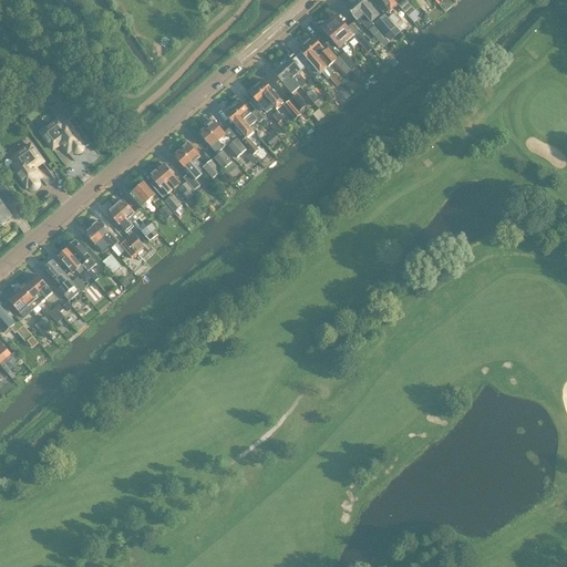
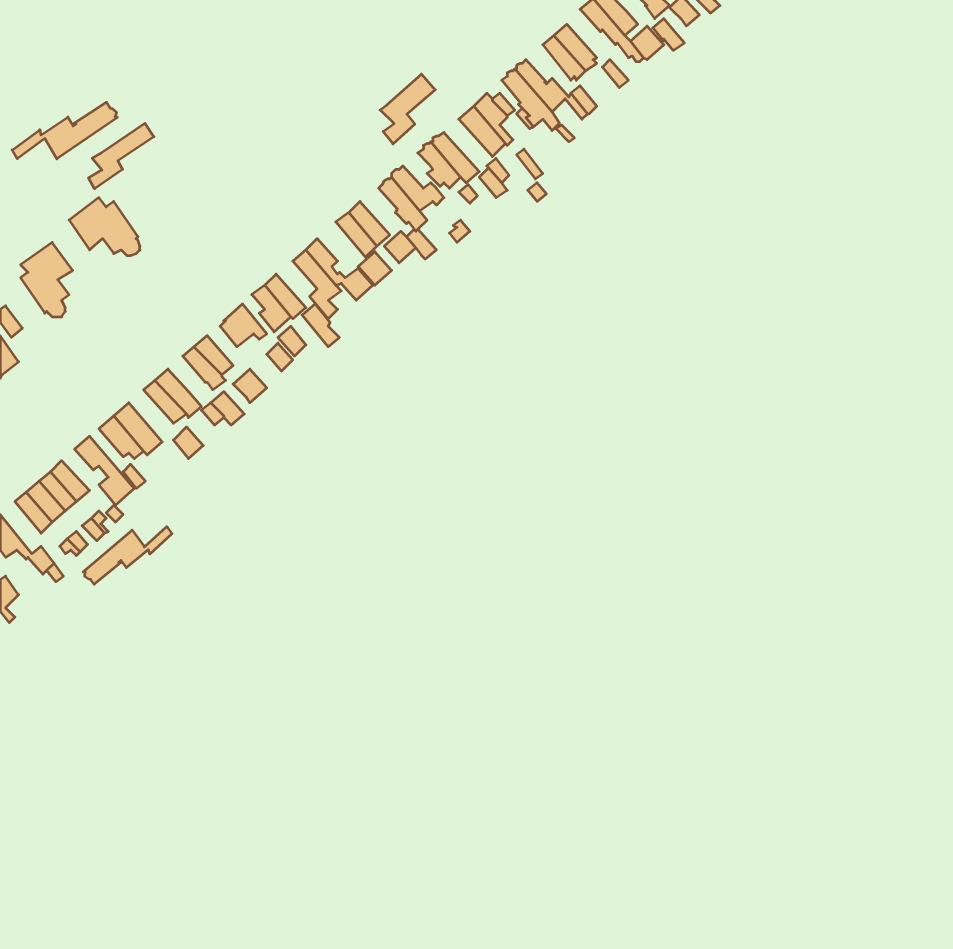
building: none -> [380,74,435,144]
building: none -> [12,102,117,159]
building: none -> [89,123,154,189]
building: none -> [83,527,172,584]

